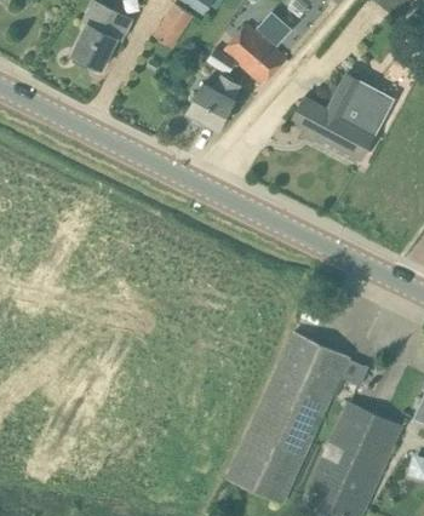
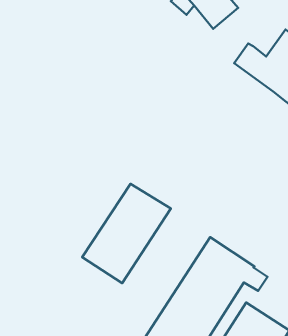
building: [189,74,241,127] -> none
building: none -> [82,184,171,283]

